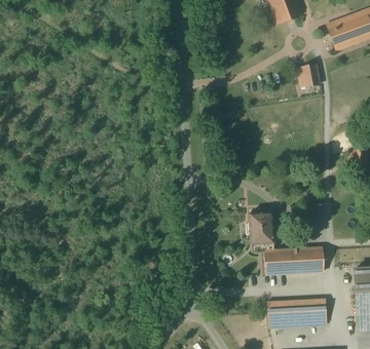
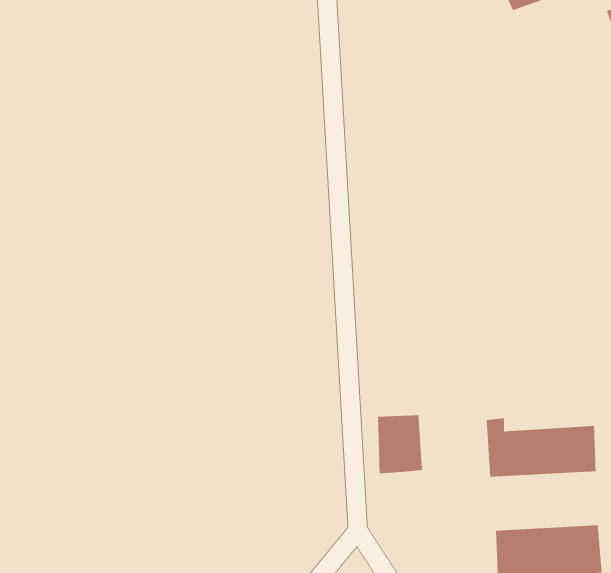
building: [297,65,322,87] -> none
building: [250,212,274,244] -> [377,415,423,474]

